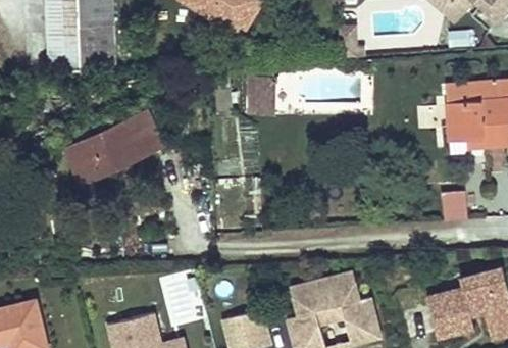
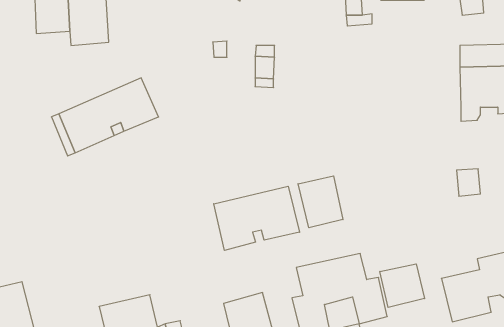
building: none -> [298,176,343,228]
building: none -> [214,186,300,250]
building: none -> [380,264,425,307]

